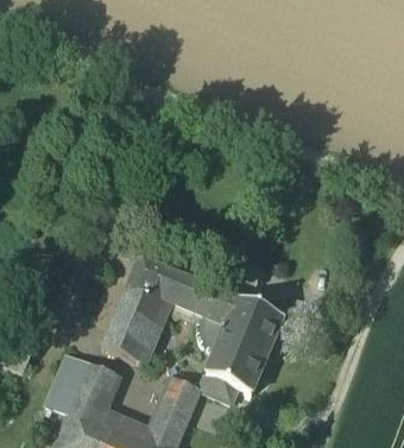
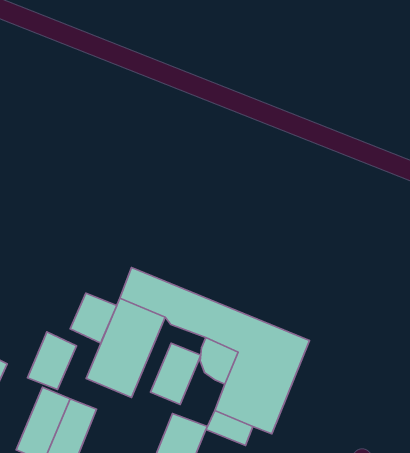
building: none -> [70,293,117,343]
building: none -> [28,332,77,390]
building: none -> [151,343,201,404]

